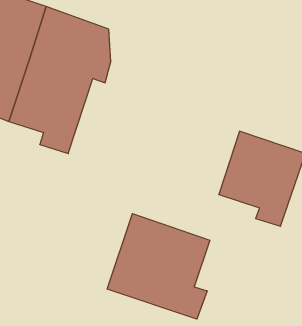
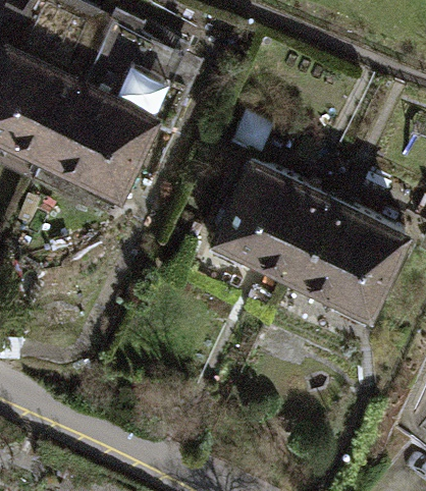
building: none -> [207,168,327,280]
building: [107,214,210,319] -> none

